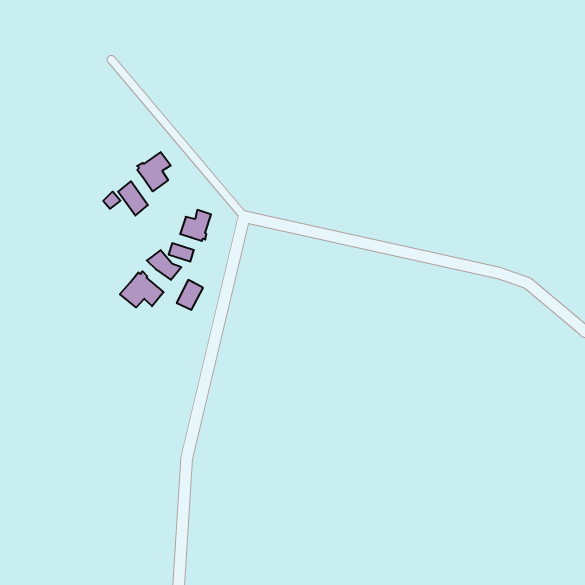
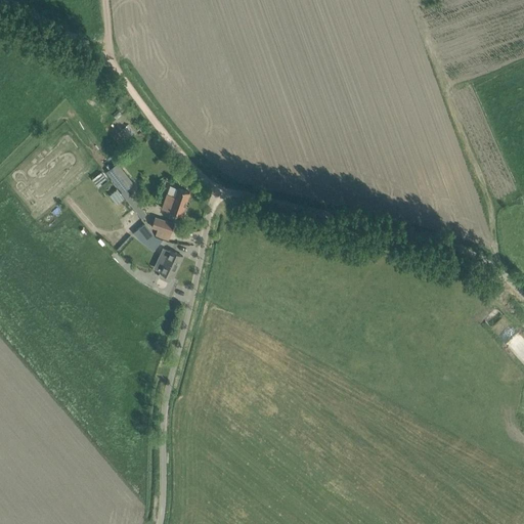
building: [137,152,171,191] -> none
building: [120,271,164,307] -> none

